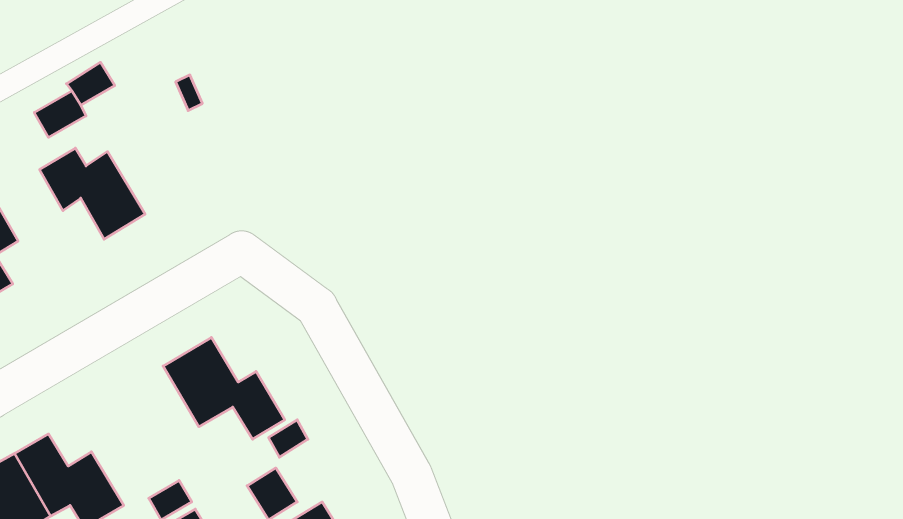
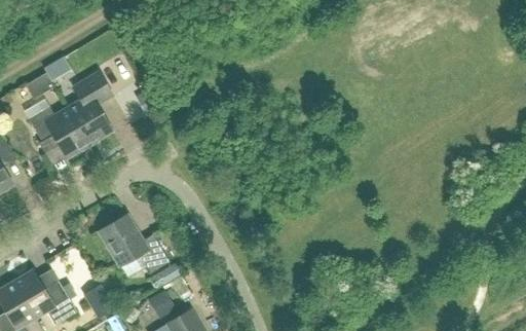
building: none -> [67,72,112,144]

